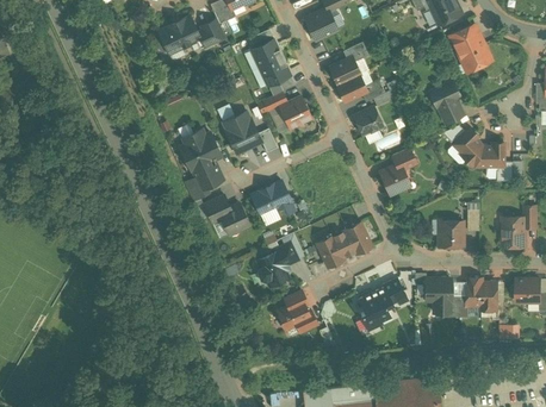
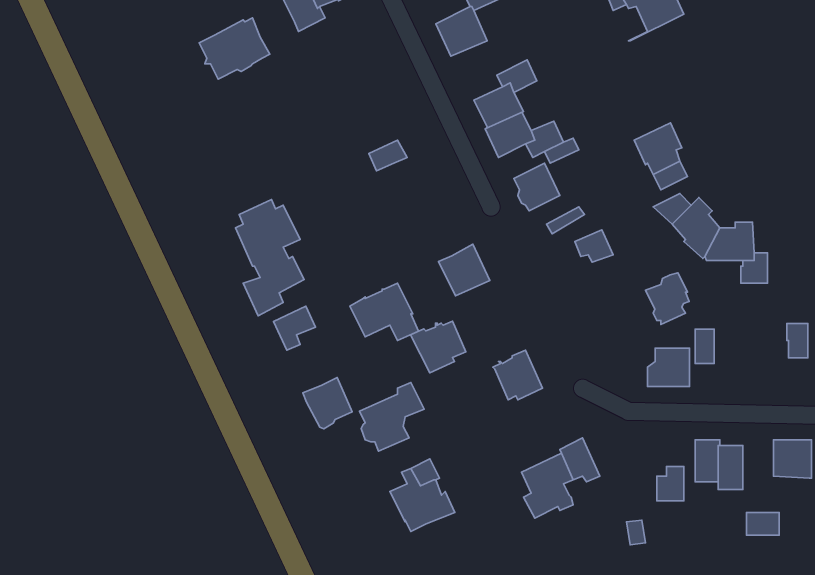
building: [196,19,225,51] -> none
building: [449,25,489,70] -> none
building: [250,40,290,86] -> none
building: [279,96,311,129] -> [438,244,490,296]
building: [223,112,261,154] -> none
building: [380,164,408,196] -> [645,273,689,324]
building: [218,205,249,237] -> [303,377,352,429]
building: [501,218,526,246] -> none
building: [316,236,350,268] -> [411,321,466,373]
building: [426,278,449,303] -> none

